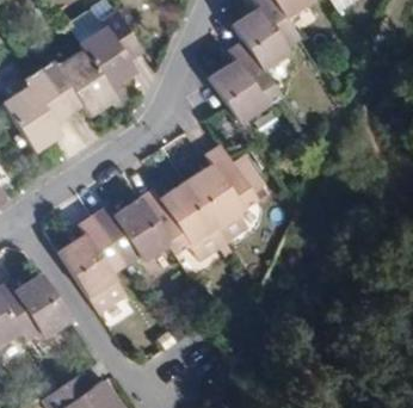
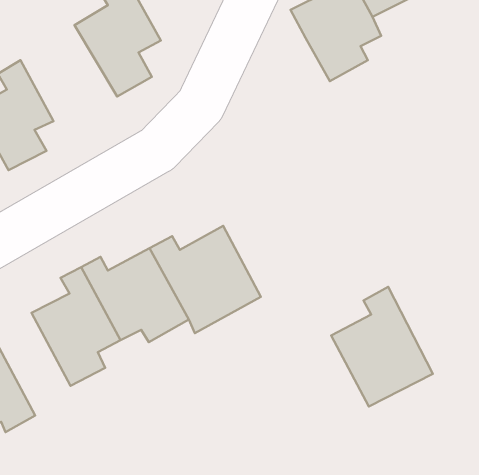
building: [208,41,278,122] -> none
building: [41,54,113,117] -> none
building: [192,141,266,227] -> [331,287,433,407]

